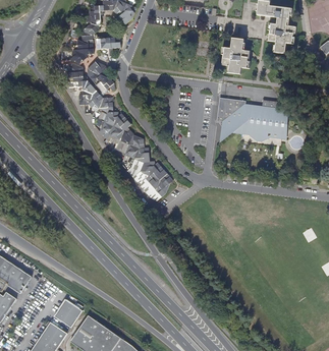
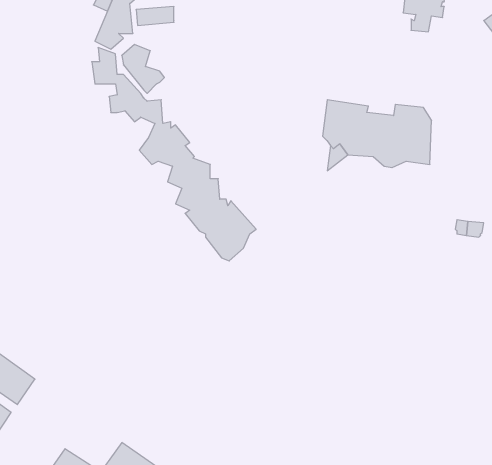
building: [221,38,250,74] -> none
building: [54,299,83,328] -> none

